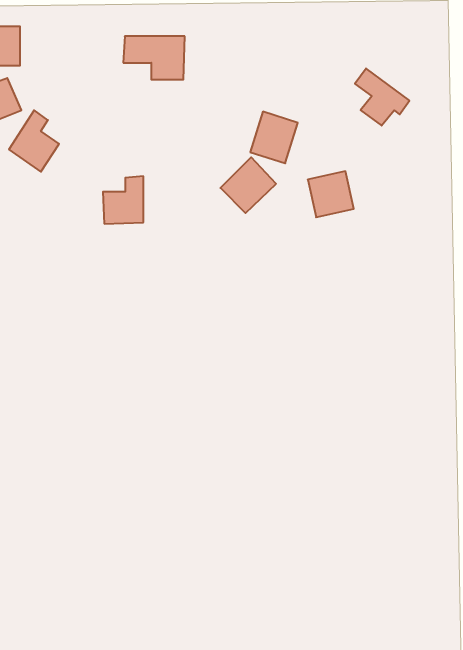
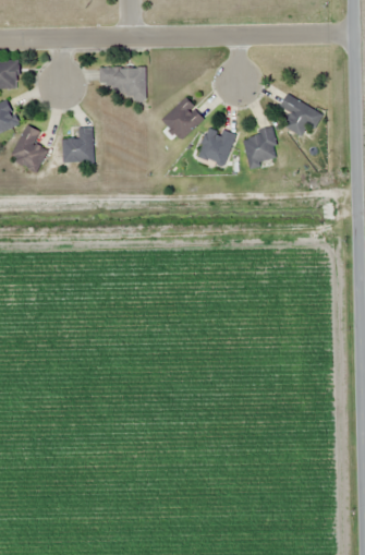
building: [220,157,276,213] -> [160,97,204,141]
building: [308,171,354,217] -> [242,130,278,166]
building: [103,176,143,224] -> [61,126,93,164]

